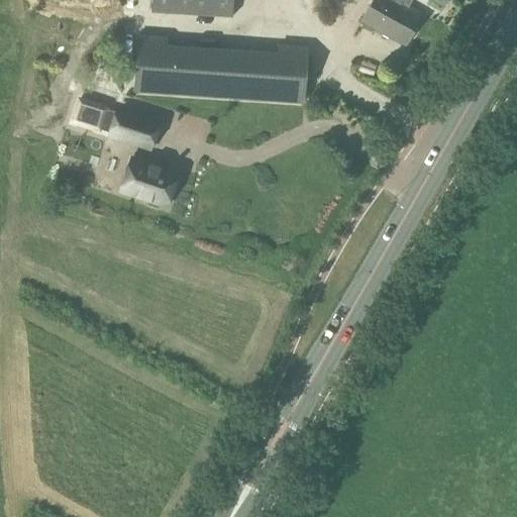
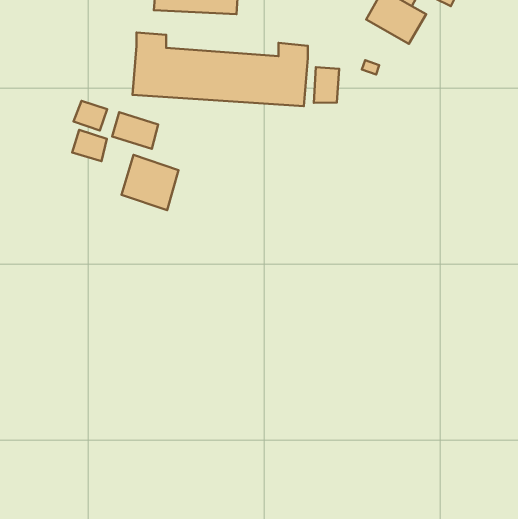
building: none -> [314,67,339,103]
building: none -> [72,130,107,161]

